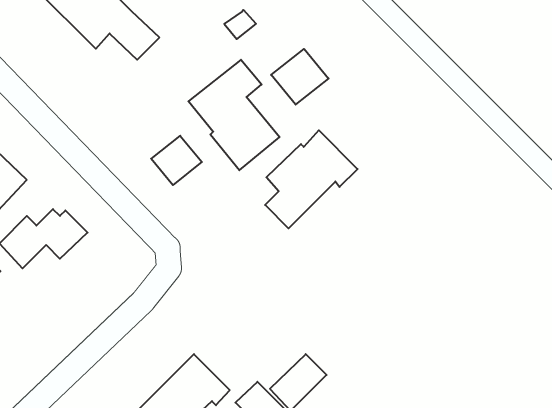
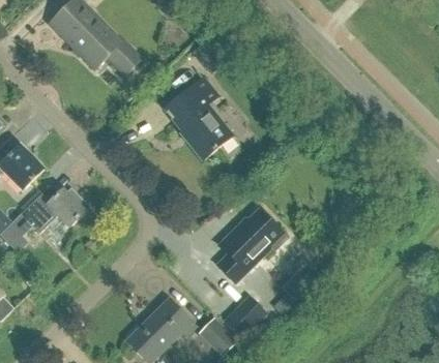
building: [271,49,329,105] -> none
building: [265,130,358,228] -> [216,208,286,281]
building: [151,136,202,185] -> none

